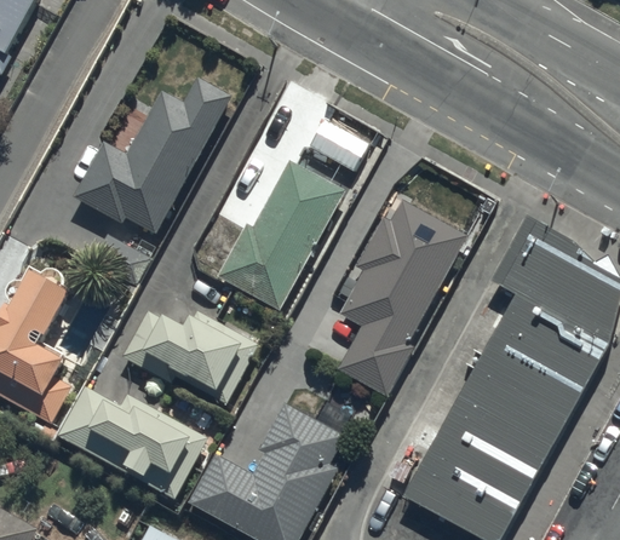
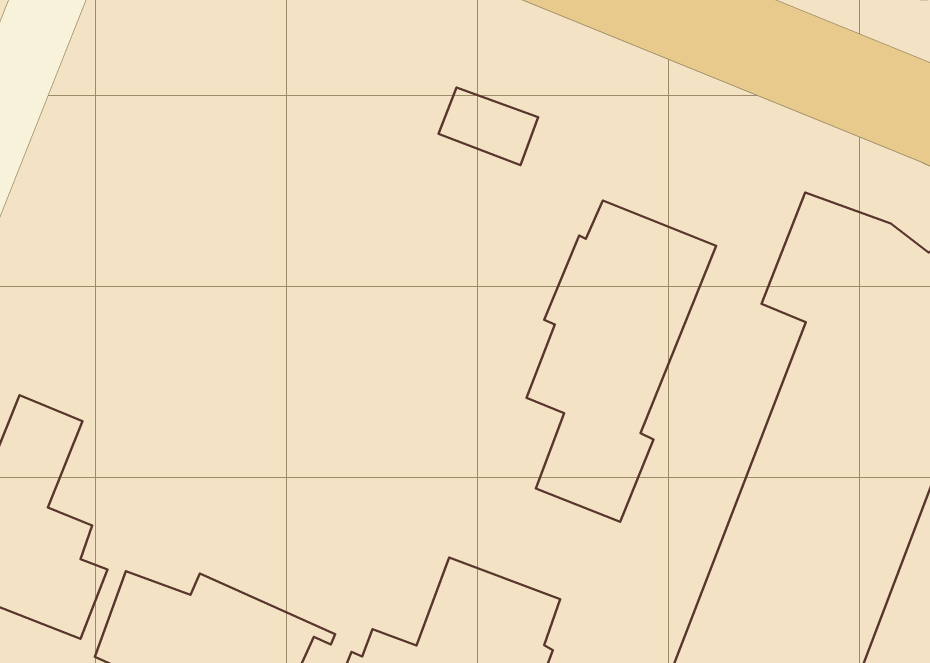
building: [67,75,228,237] -> none
building: [218,161,344,311] -> none
building: [122,309,259,392] -> none

